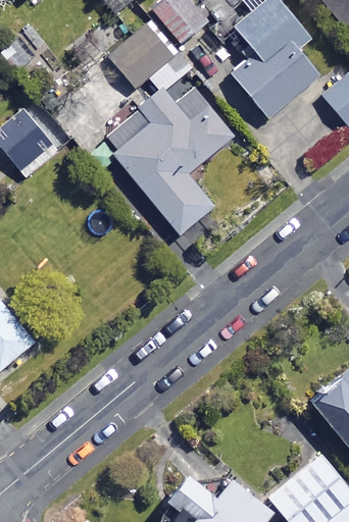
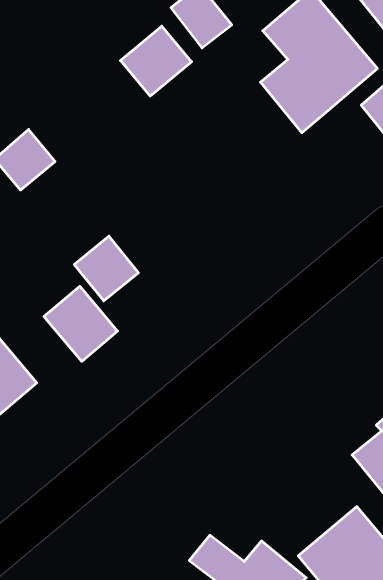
building: [107,53,242,236] -> none
building: none -> [74,236,138,301]
building: none -> [44,286,118,361]

